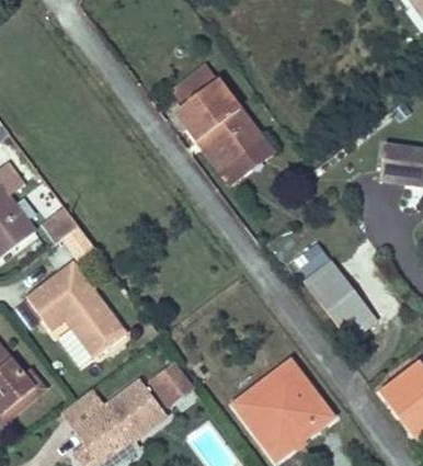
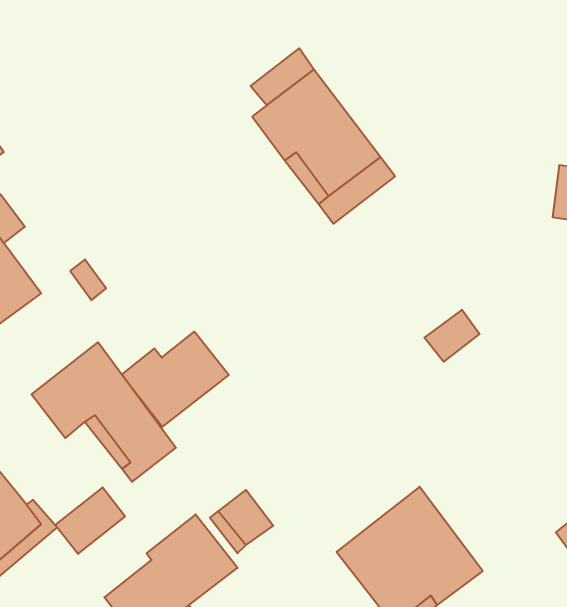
building: none -> [122,332,229,427]
building: [304,260,375,339] -> none
building: [61,389,108,434] -> [55,487,125,554]

